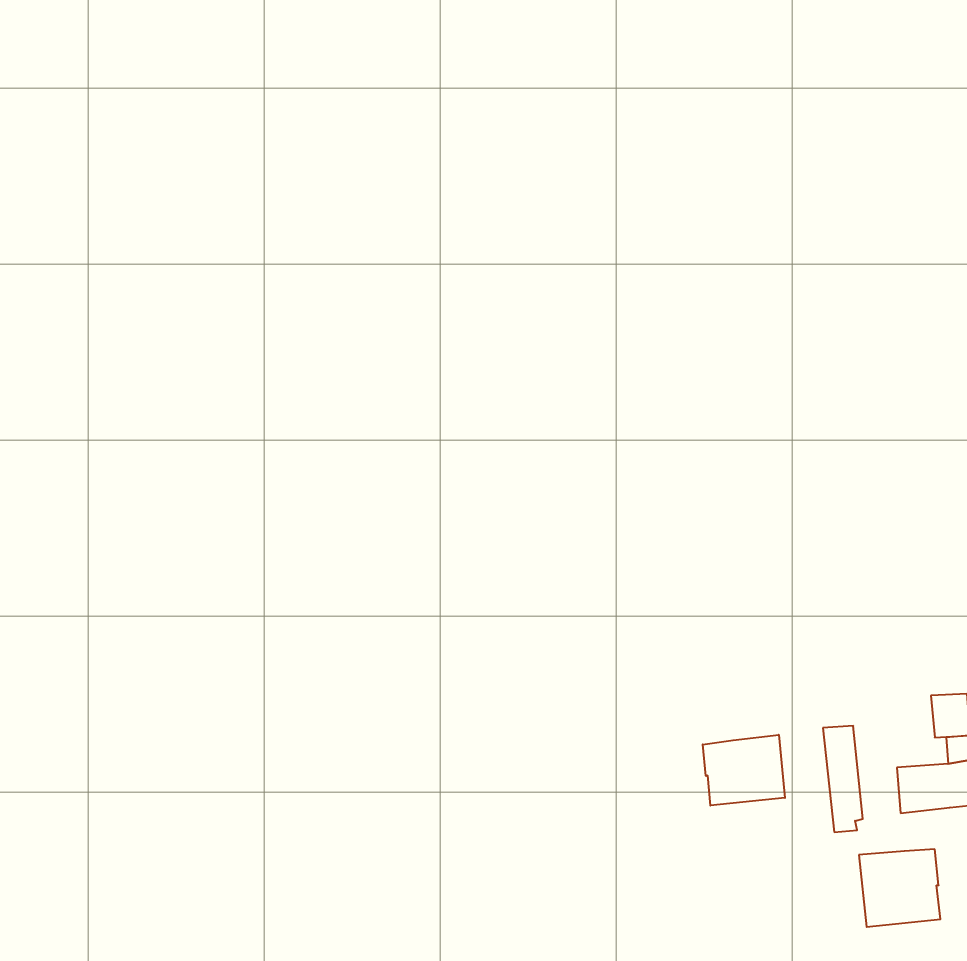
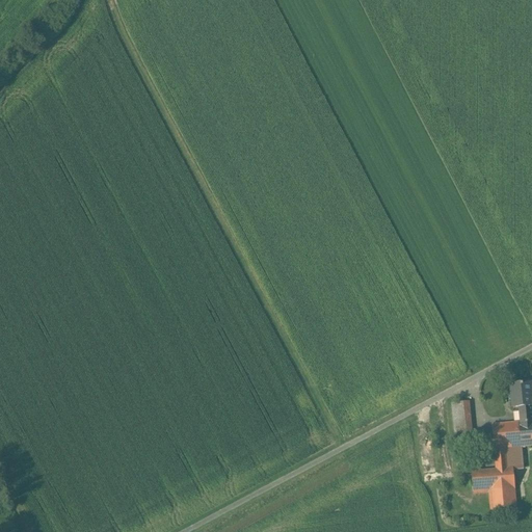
building: [703,735,785,806] -> none
building: none -> [495,443,524,467]

